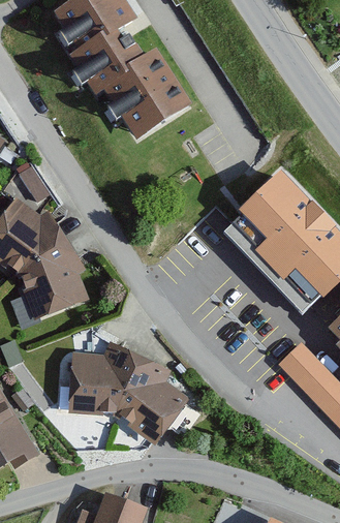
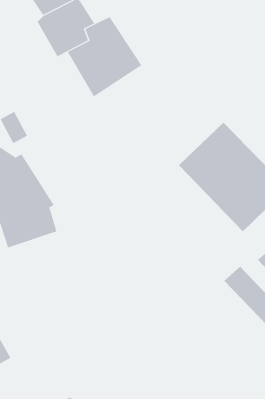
building: [63,340,185,443] -> none

